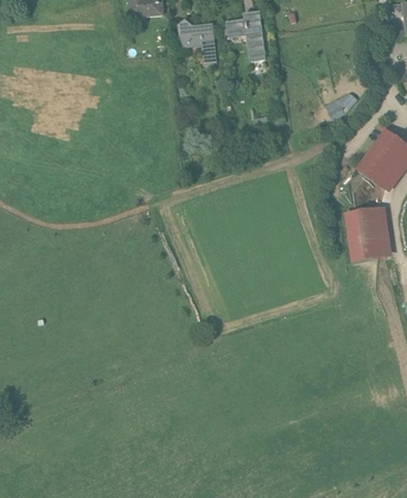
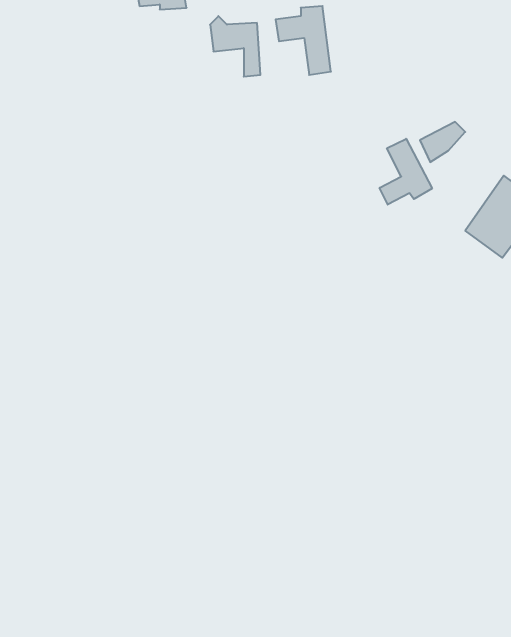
building: none -> [380,139,432,205]
building: [346,209,386,260] -> none

